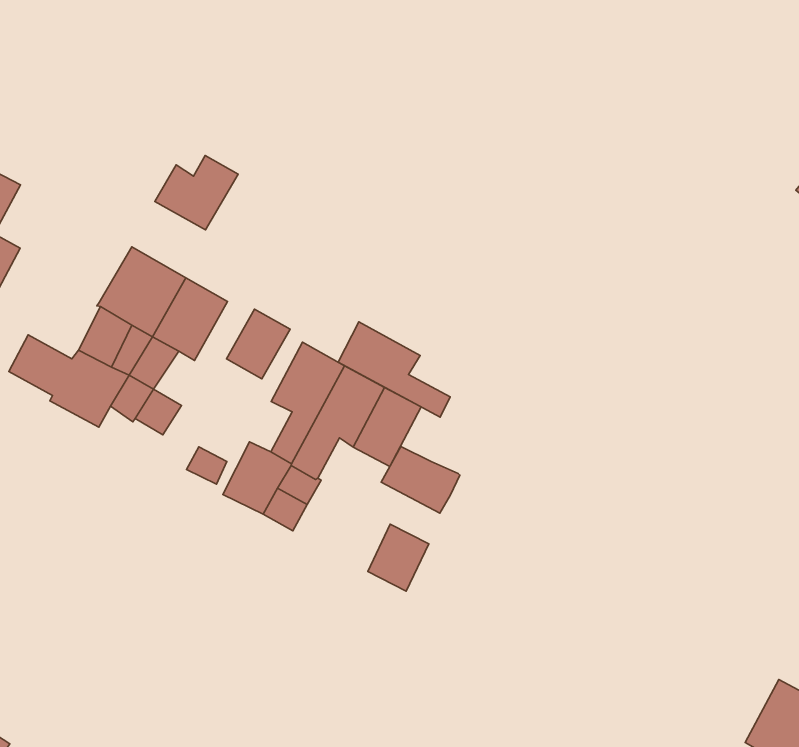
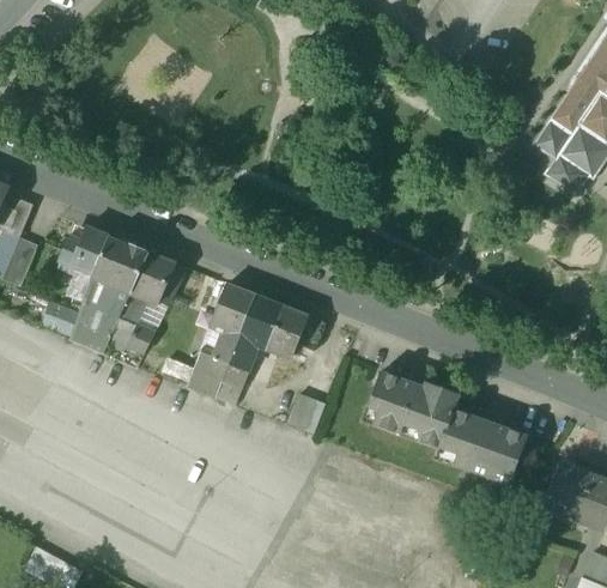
building: [155,155,238,230] -> [57,225,109,273]
building: [227,309,290,379] -> none
building: [338,322,450,417] -> none
building: [381,446,460,513] -> none
building: none -> [368,370,527,481]

